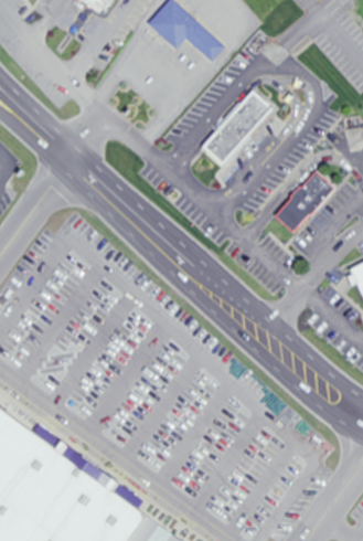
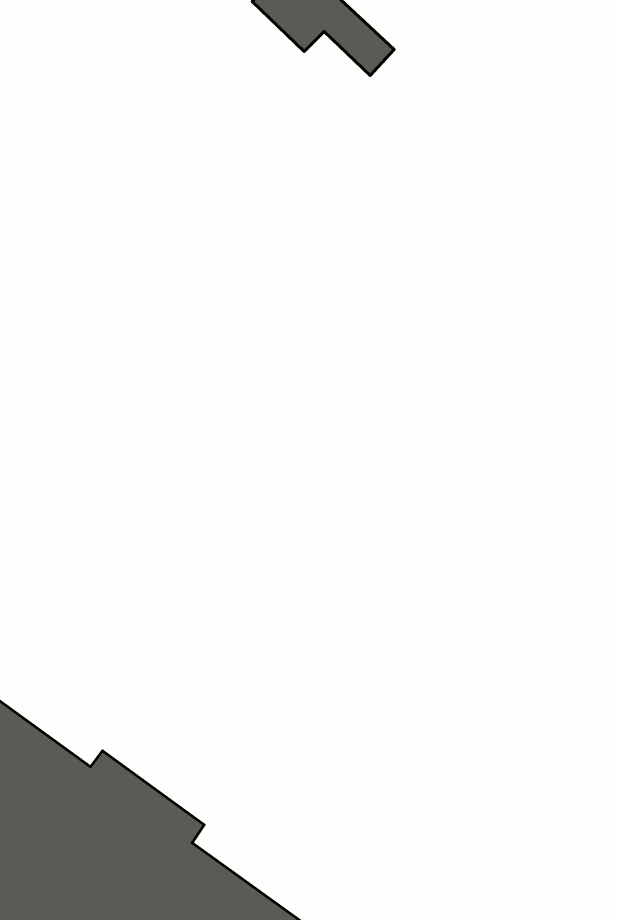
building: [194,84,278,172] -> none
building: [271,170,333,235] -> none

